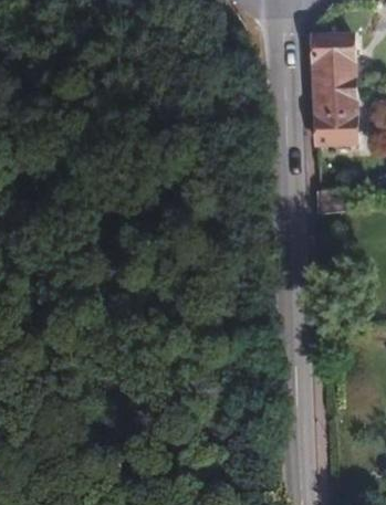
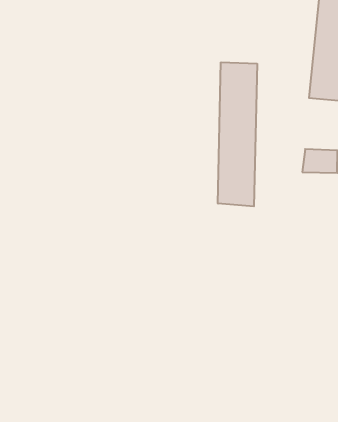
building: none -> [218,62,257,206]

